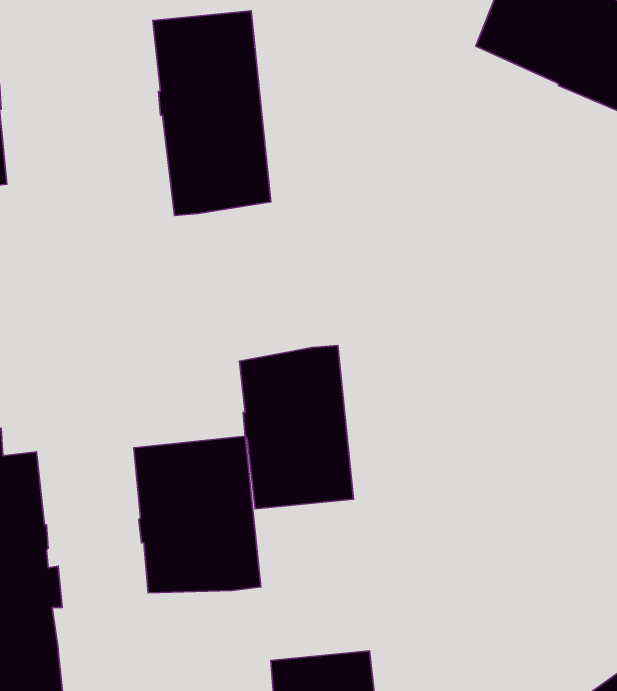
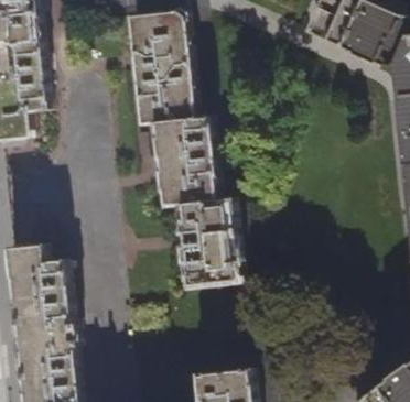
building: none -> [151,115,215,206]
building: [134,436,261,593] -> none

